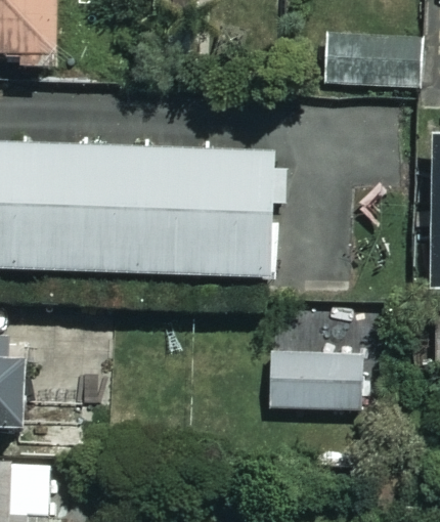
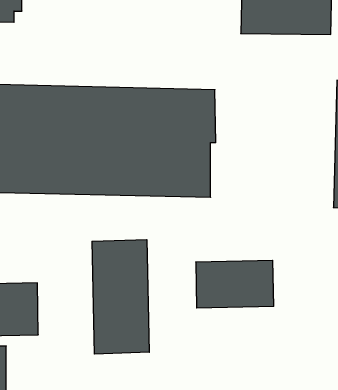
building: none -> [92,240,149,354]

